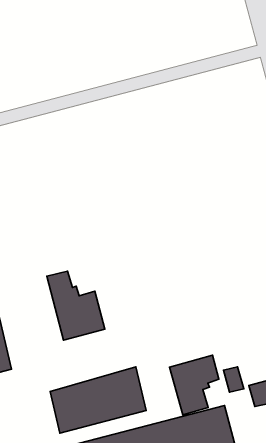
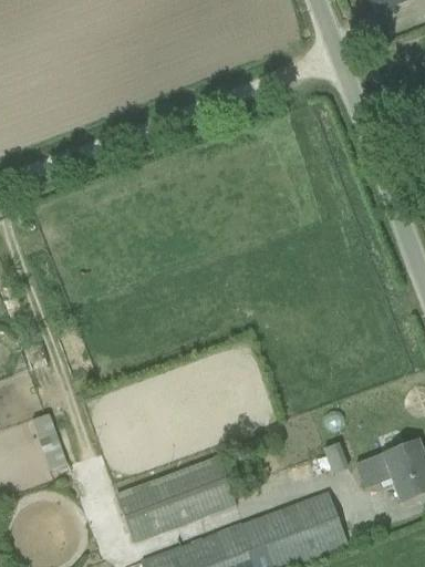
building: [47,271,105,340] -> none
building: [169,355,219,415] -> none

